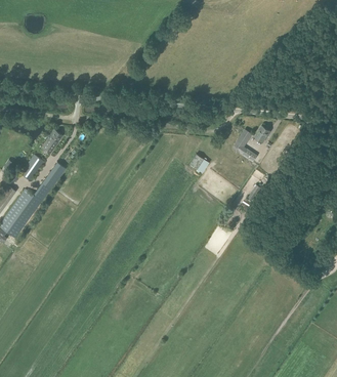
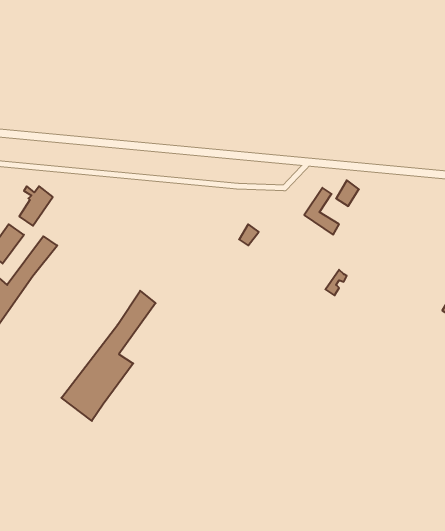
building: none -> [61,291,156,421]

